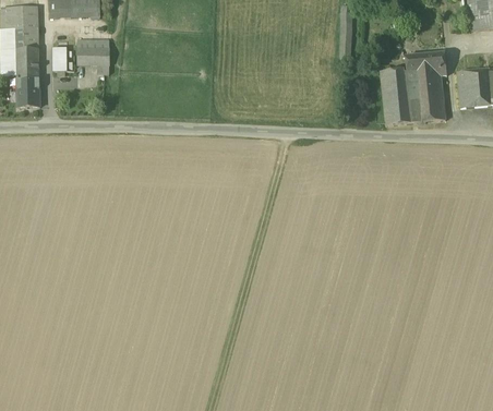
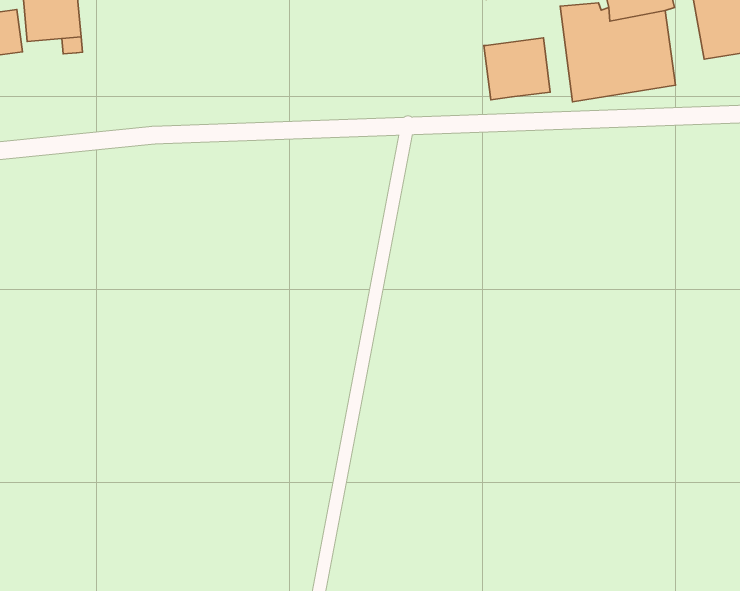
building: none -> [484,38,550,100]

